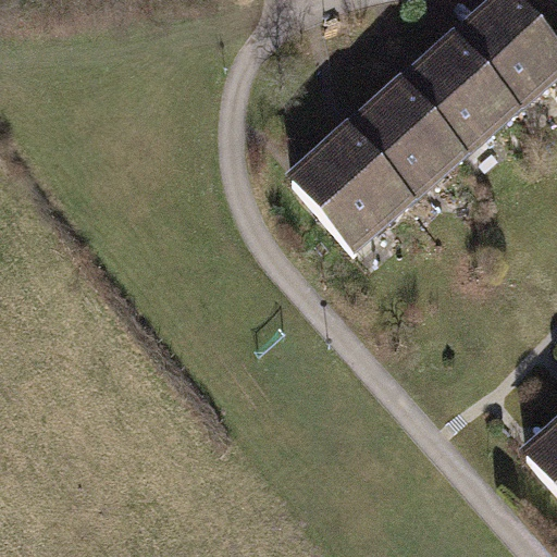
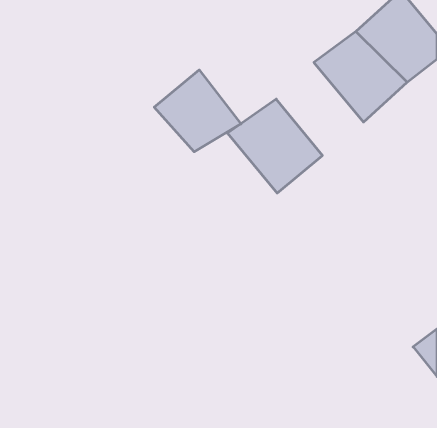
building: [351,79,462,198] -> none
building: none -> [154,70,241,152]

